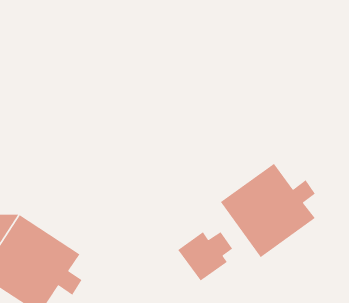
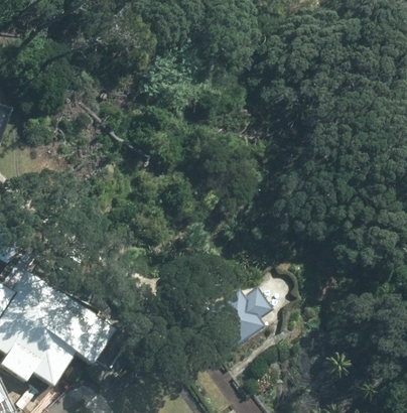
building: [220,163,316,258] -> none

